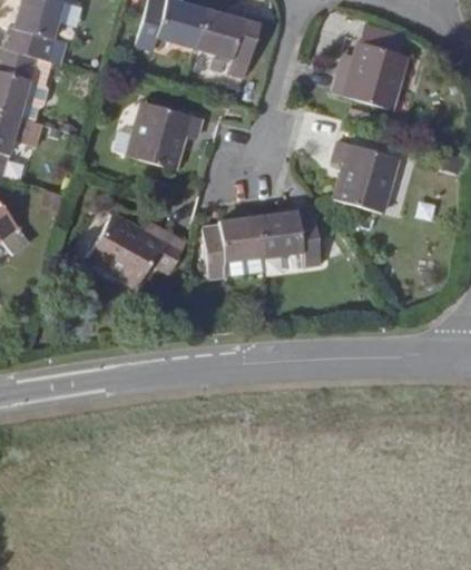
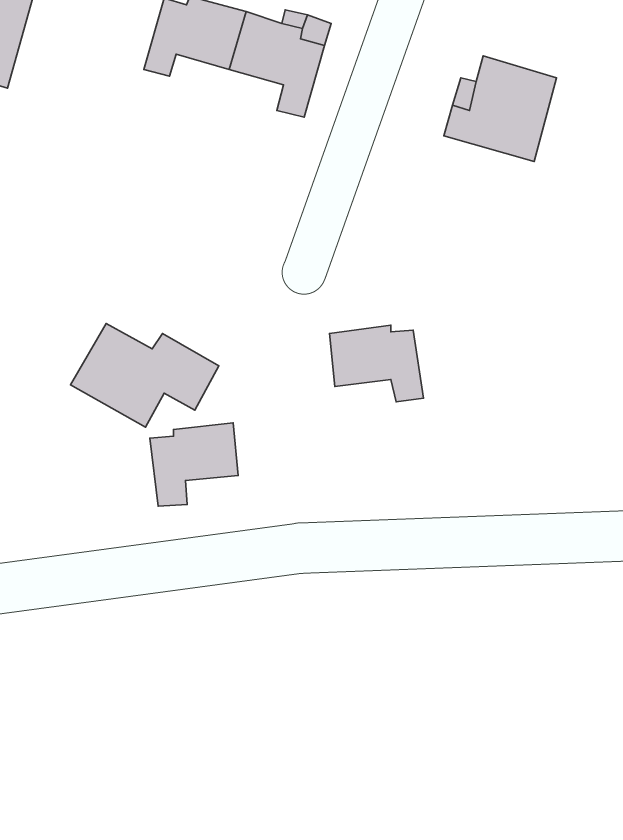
building: [128,100,204,174] -> none
building: [334,140,398,214] -> none
building: [205,220,263,275] -> [150,423,238,506]

